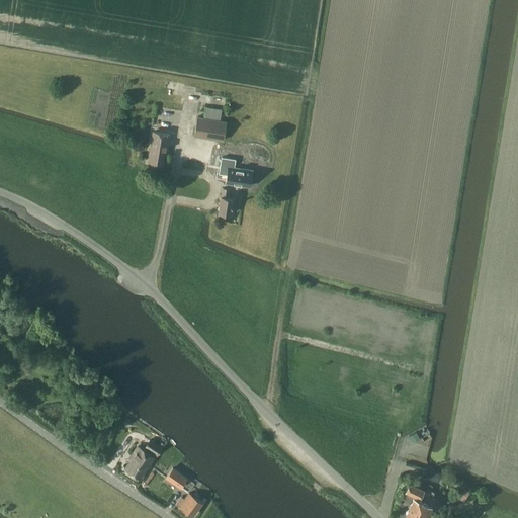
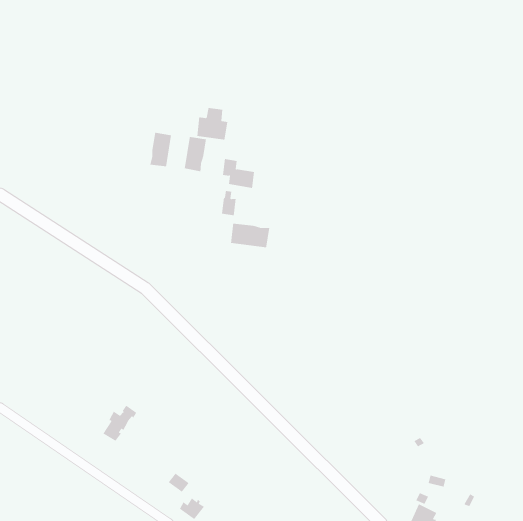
building: none -> [184,136,206,172]
building: none -> [231,223,270,248]
building: [126,441,161,478] -> [102,405,137,442]

